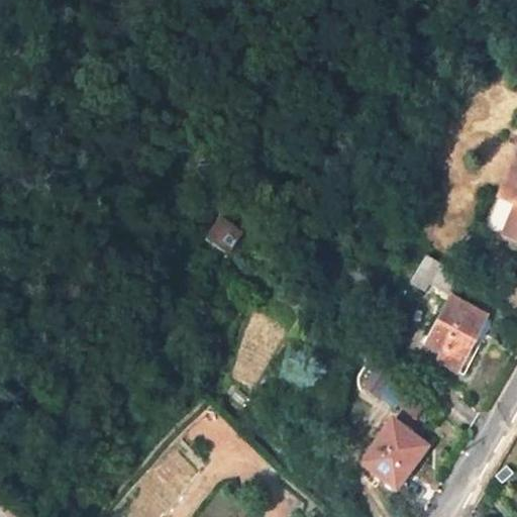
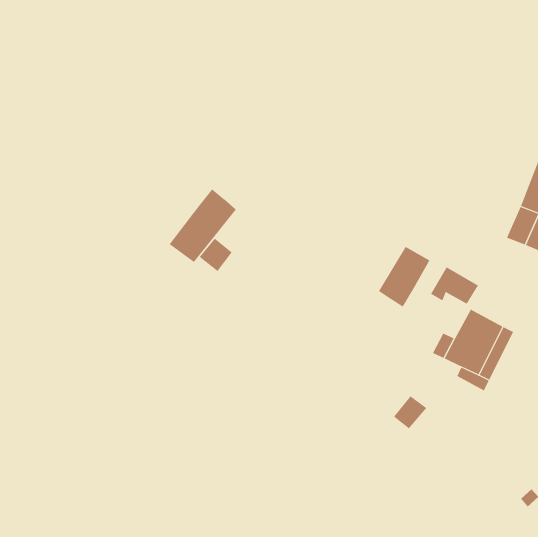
building: none -> [169,188,237,263]
building: none -> [378,246,430,307]
building: [363,418,426,484] -> none

